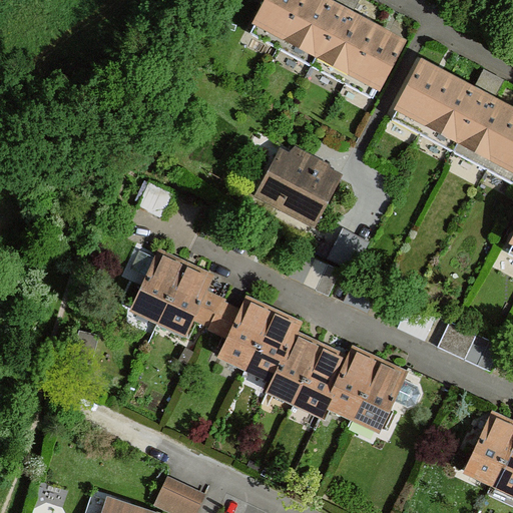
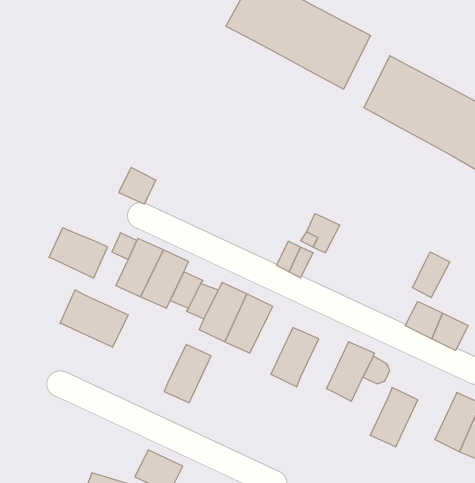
building: [265,151,339,221] -> none
building: none -> [49,228,108,278]
building: none -> [412,252,450,298]
building: none -> [60,290,128,347]
building: [271,335,320,396] -> [164,344,211,403]
building: [328,349,378,411] -> [370,387,418,447]

